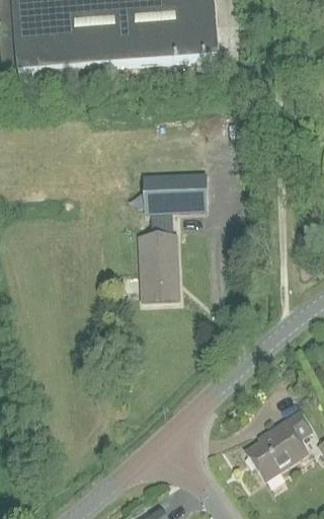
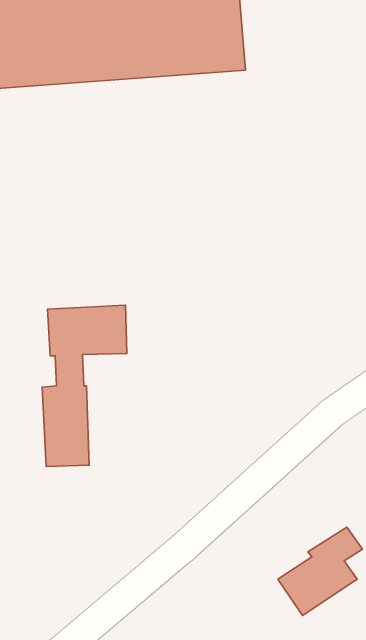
building: [141,172,207,298] -> [42,305,127,467]

